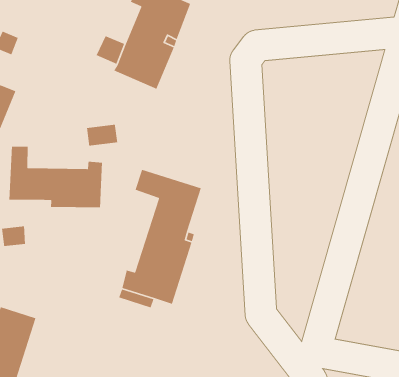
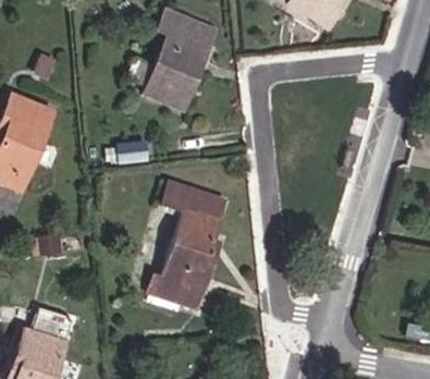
building: [8,146,103,208] -> none

